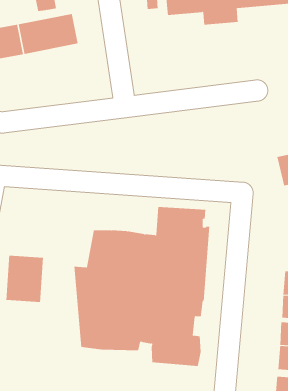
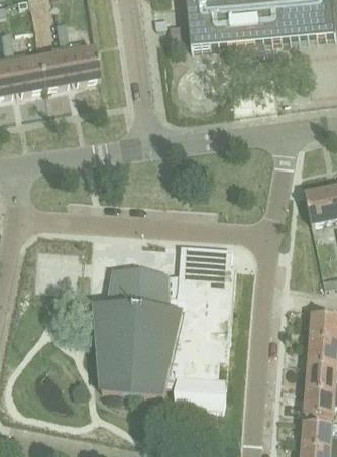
building: [6,255,44,303] -> none

